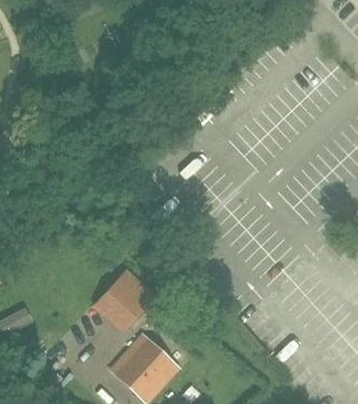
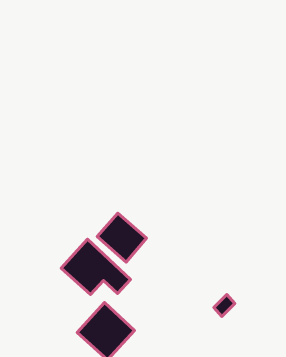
building: none -> [97,213,147,262]

